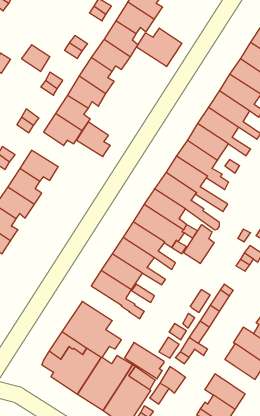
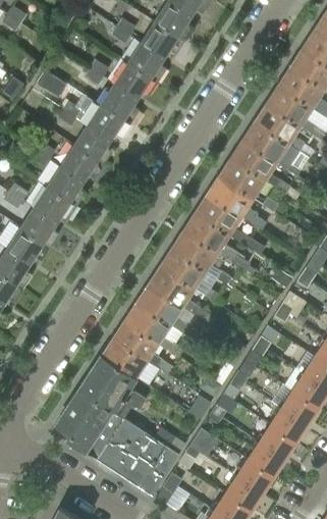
building: [136,28,182,67] -> none
building: [76,122,110,157] -> [47,165,85,204]
building: [183,225,214,264] -> none
building: [125,342,164,379] -> [103,336,147,377]
building: none -> [251,418,295,457]

